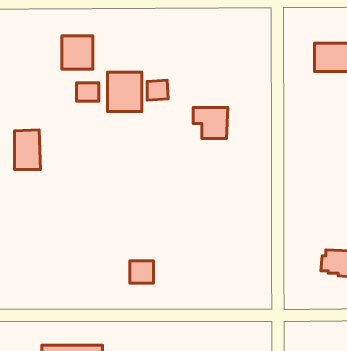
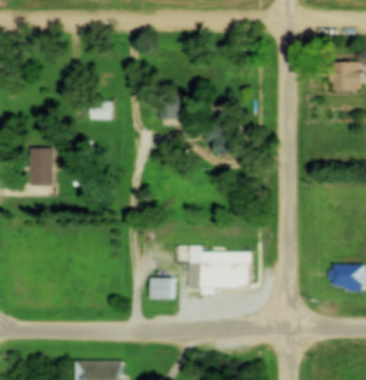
building: [62,36,93,69] -> none
building: [107,72,142,111] -> none
building: none -> [204,251,255,295]

